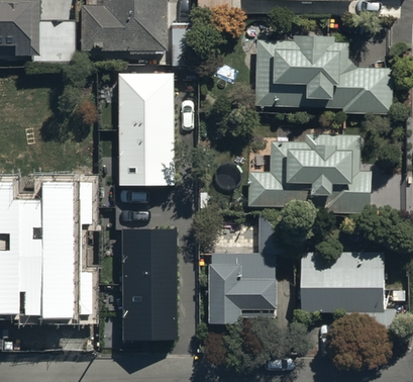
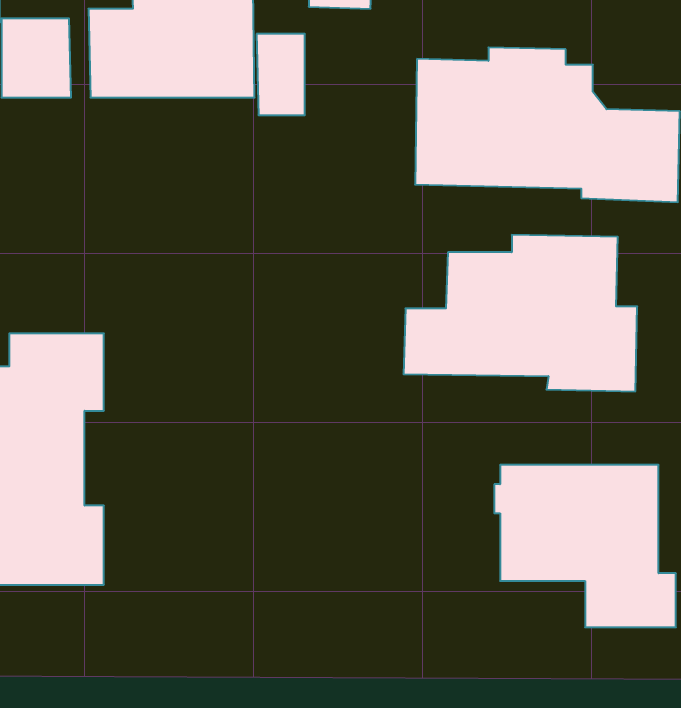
building: [118,74,175,187] -> none
building: [208,215,293,325] -> none
building: [121,229,177,341] -> none

